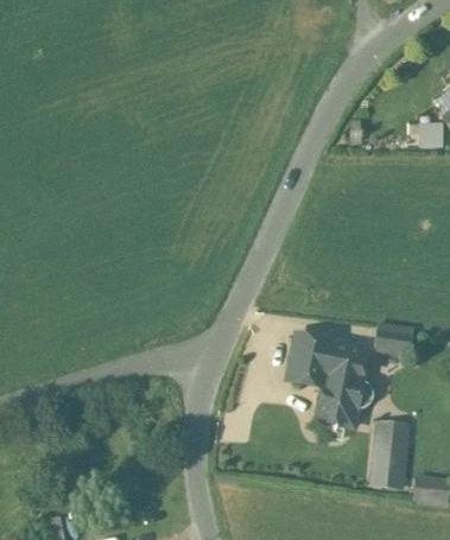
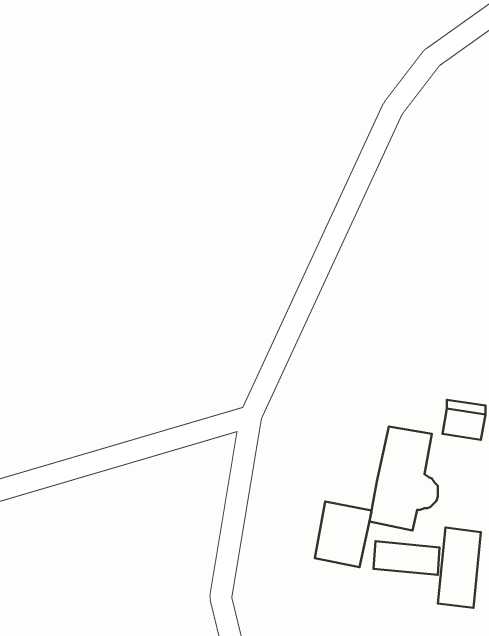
building: [287,335,332,387] -> [315,502,371,567]
building: none -> [373,541,440,575]

